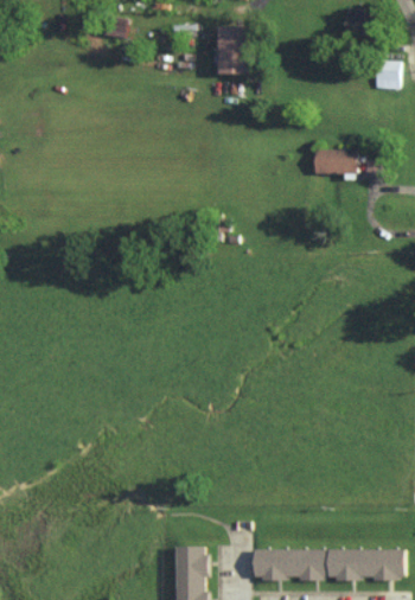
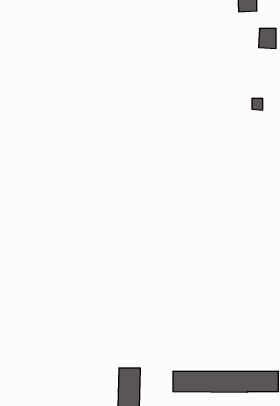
building: [218,26,250,75] -> none
building: [315,149,357,174] -> none

